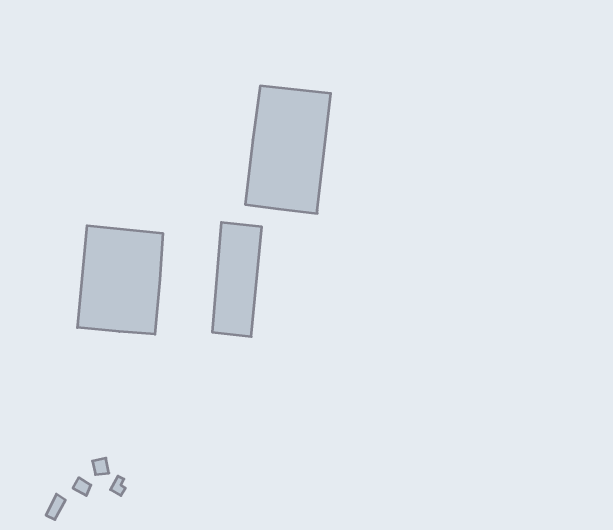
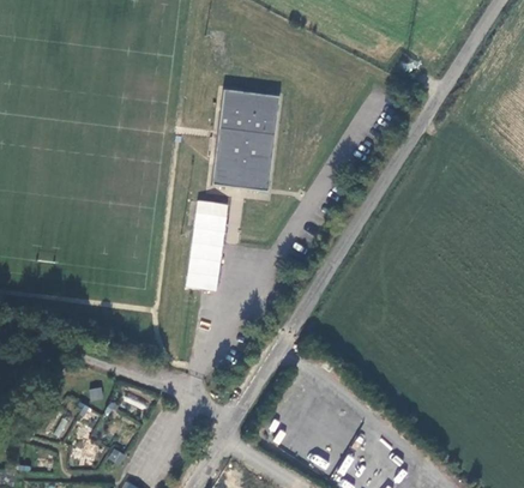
building: [77,226,163,334] -> none

